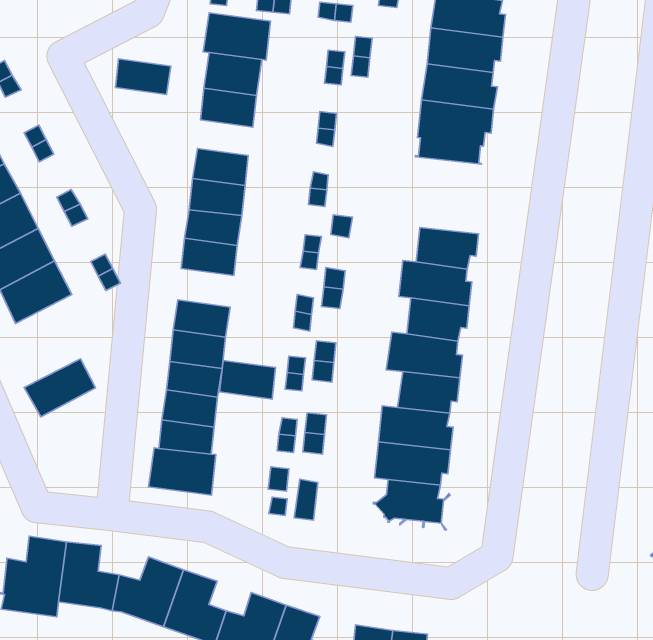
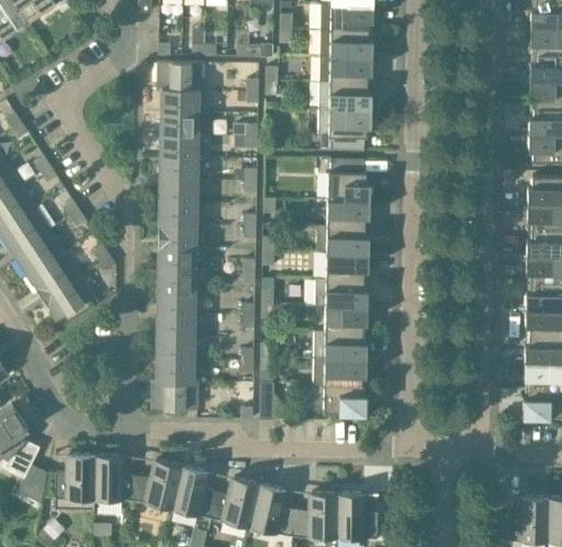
building: [115,59,171,95] -> [160,141,199,163]
building: none -> [327,159,370,201]
building: [24,359,96,417] -> [43,277,94,322]
building: [220,360,275,399] -> [158,249,196,273]

